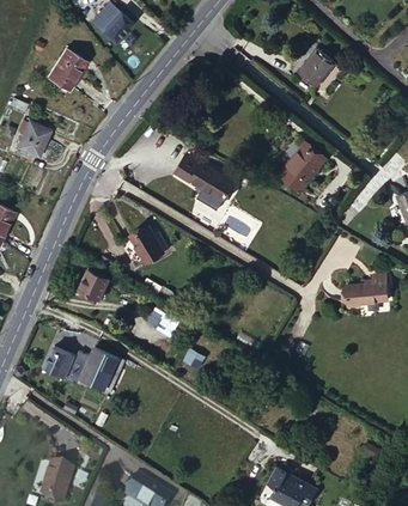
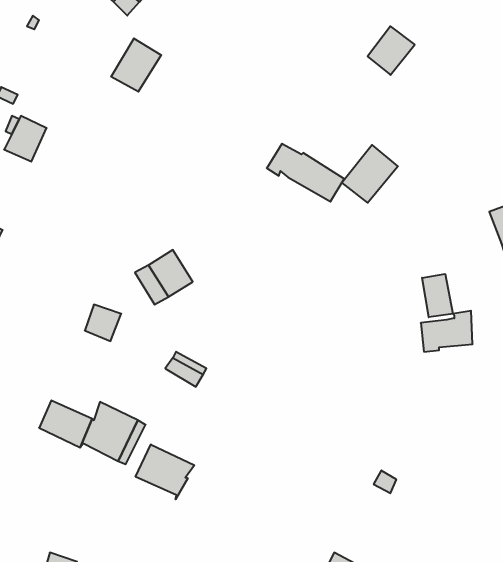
building: [45,45,85,87] -> [111,38,161,92]
building: [171,156,232,201] -> [267,144,344,202]
building: none -> [422,274,453,317]
building: none -> [136,444,194,499]

